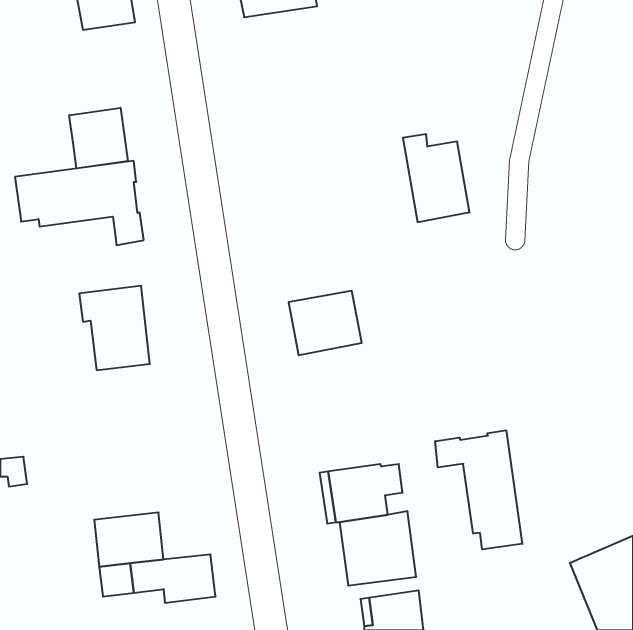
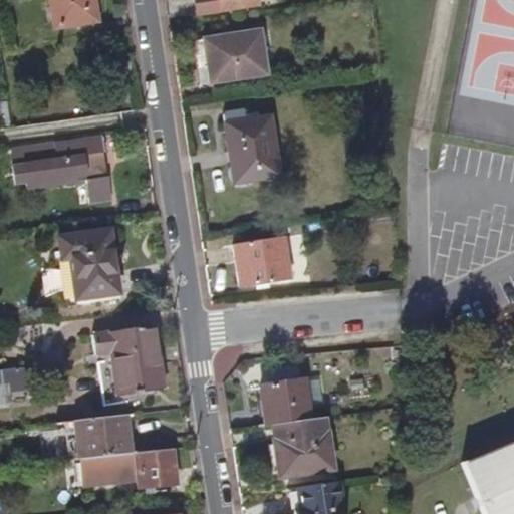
building: none -> [203,31,268,85]
building: [69,108,128,169] -> none
building: [403,134,470,222] -> [226,111,280,183]
building: none -> [91,325,163,404]
building: [435,430,522,549] -> none

